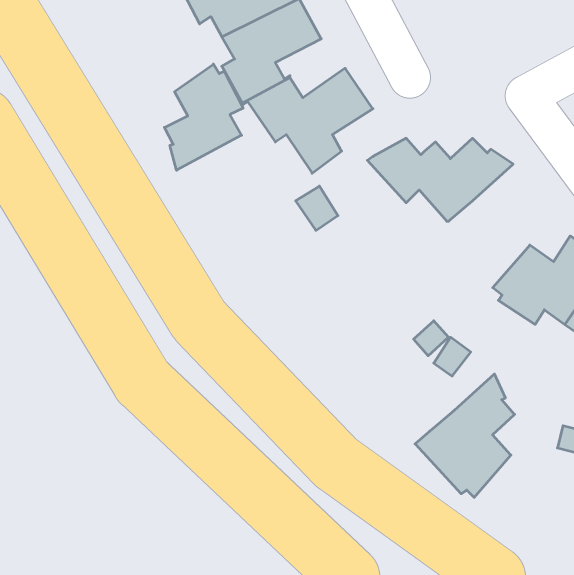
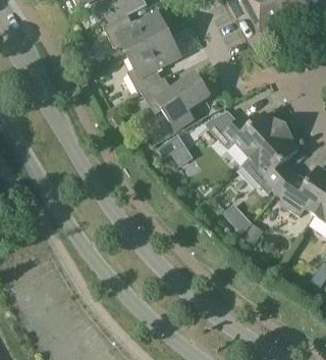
building: [164,64,243,170] -> none
building: [415,374,515,497] -> [243,125,298,194]

